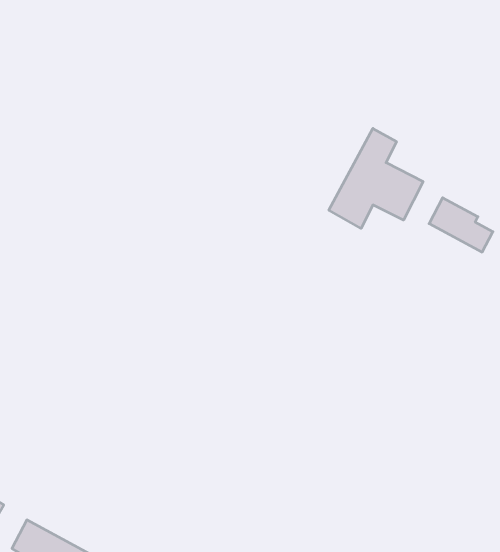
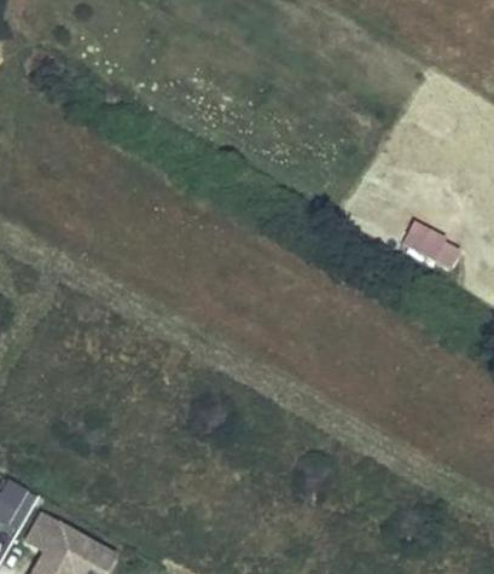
building: [329,128,423,228] -> none

